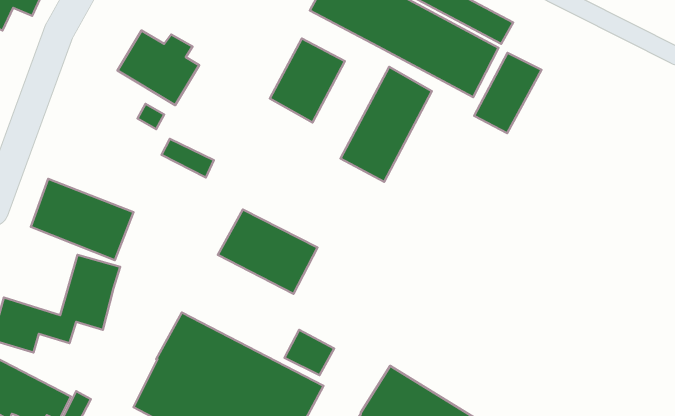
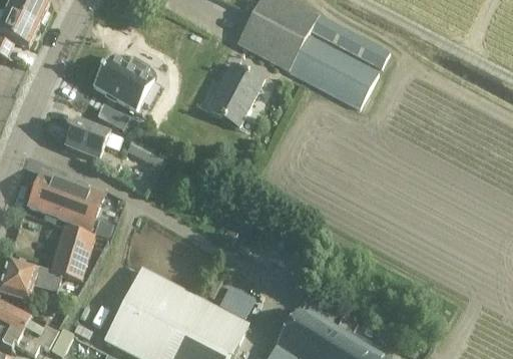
building: [474,53,541,133] -> none
building: [340,67,432,182] -> none
building: none -> [64,118,122,158]
building: [218,209,317,294] -> none

